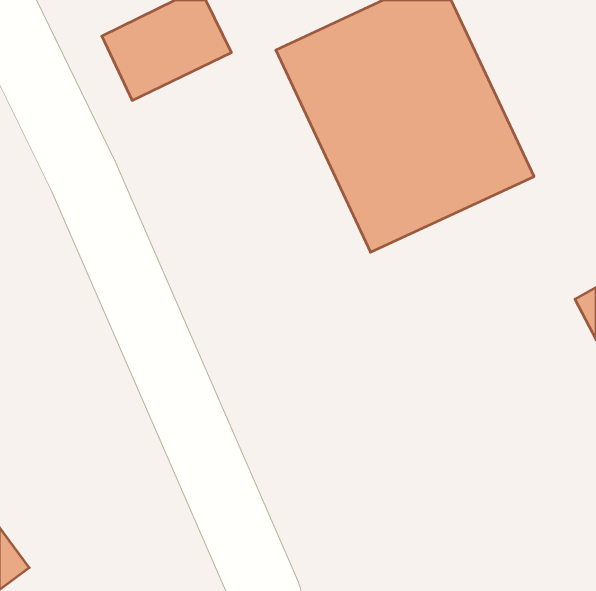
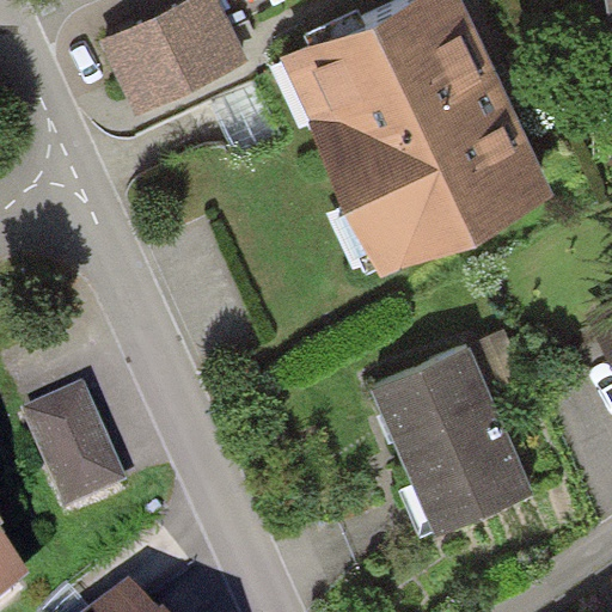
building: none -> [379,347,524,522]
building: none -> [24,393,121,512]

